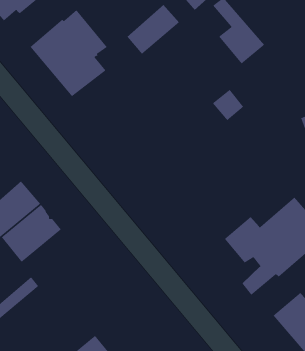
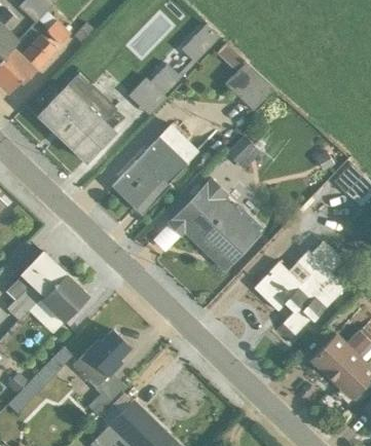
building: none -> [112,124,197,214]
building: none -> [152,177,262,270]
building: none -> [72,331,128,414]

